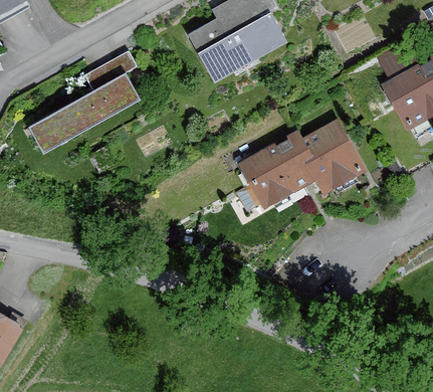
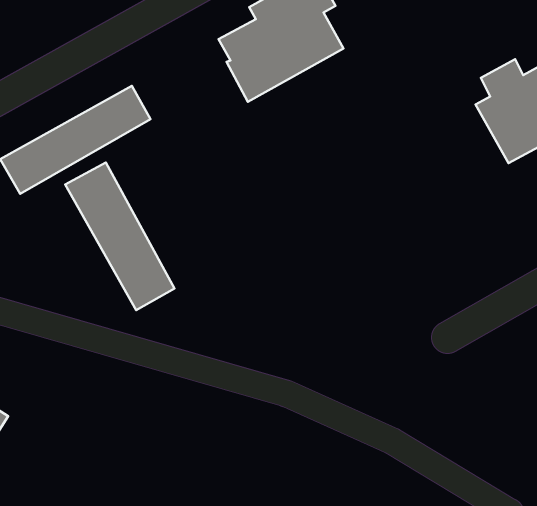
building: [237,120,367,210] -> none
building: none -> [65,163,174,310]

